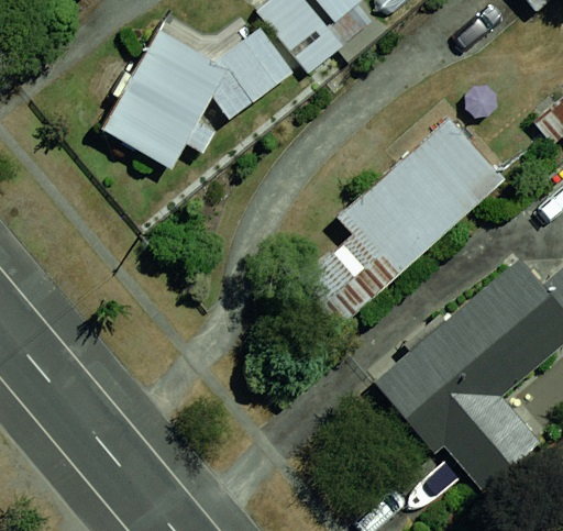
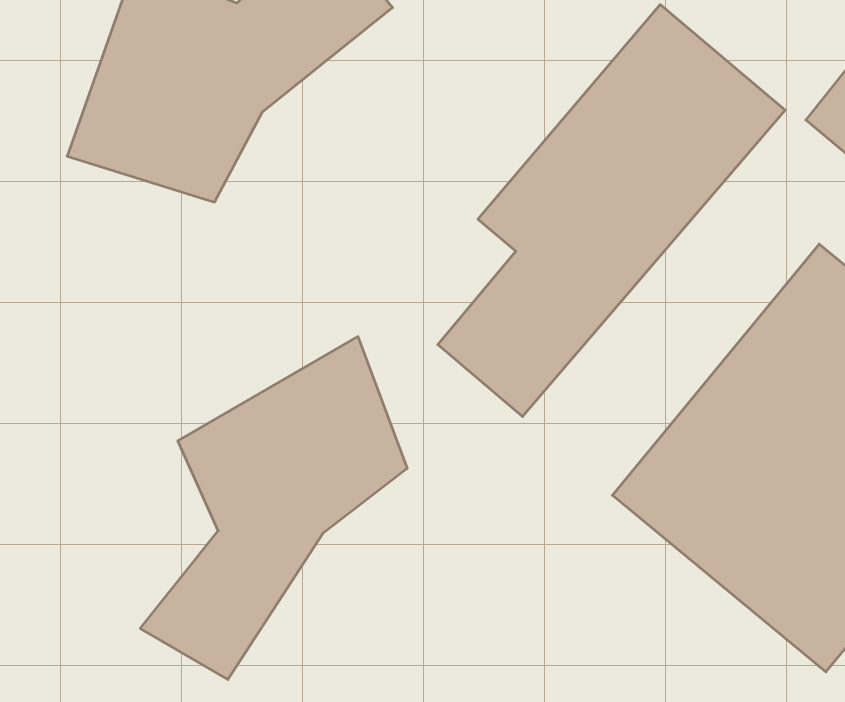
building: none -> [140,337,407,680]

